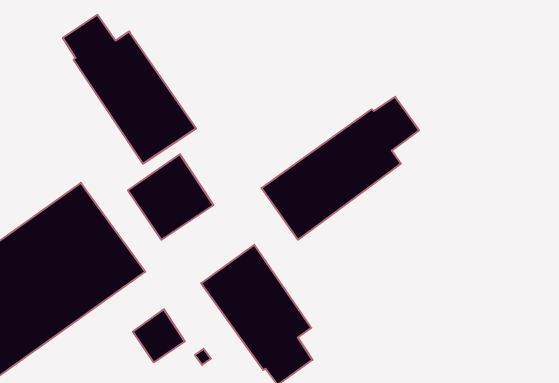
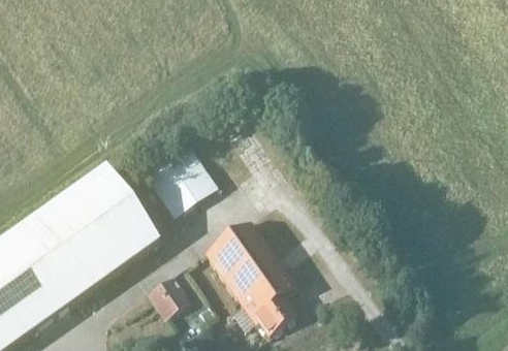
building: [63,15,196,164] -> none
building: [261,97,419,240] -> none

